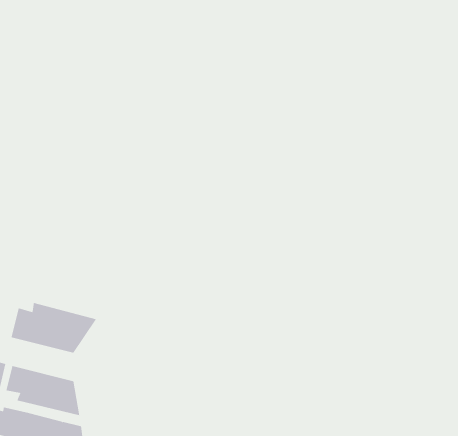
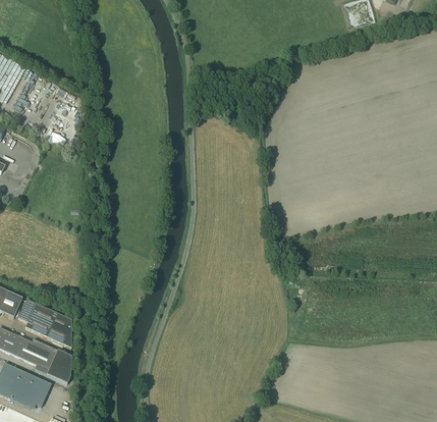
building: [11,302,97,354] -> none

